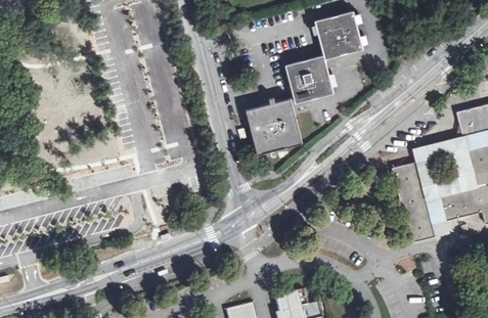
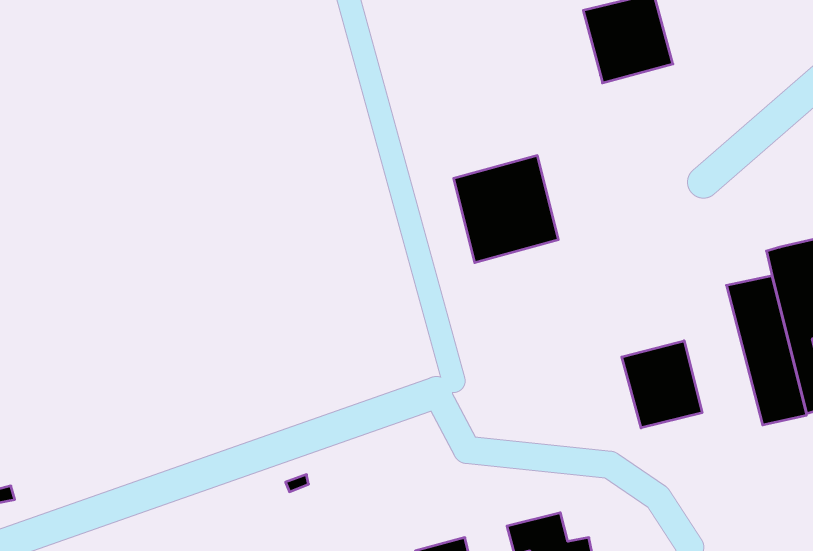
building: [285,54,334,102] -> none
building: none -> [622,341,702,428]

